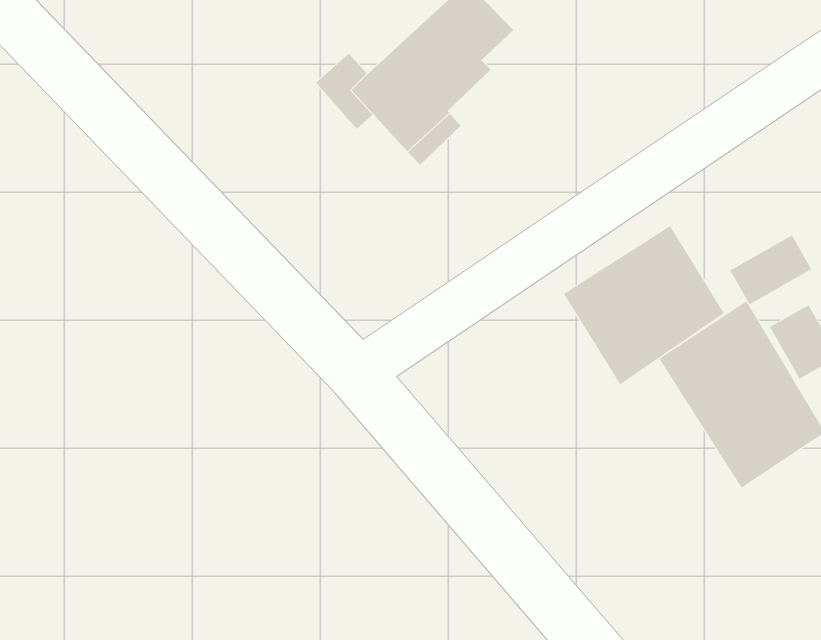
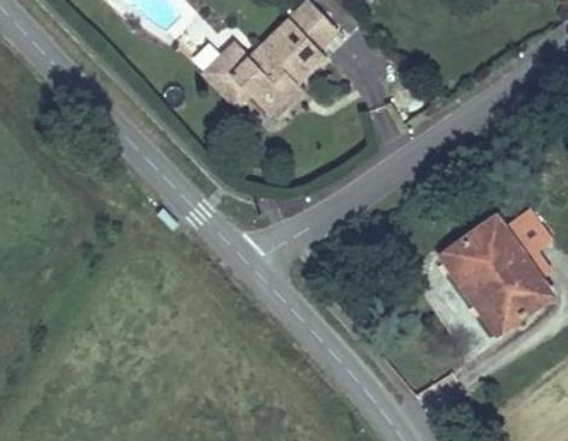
building: [563,225,724,385] -> none
building: [730,235,812,305] -> none

